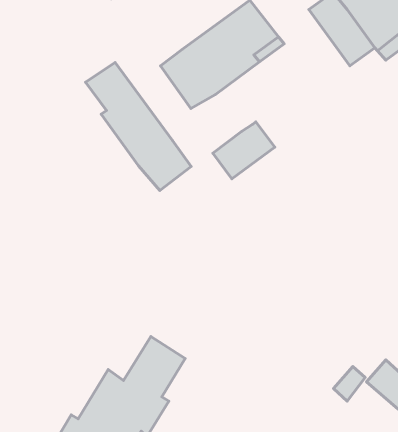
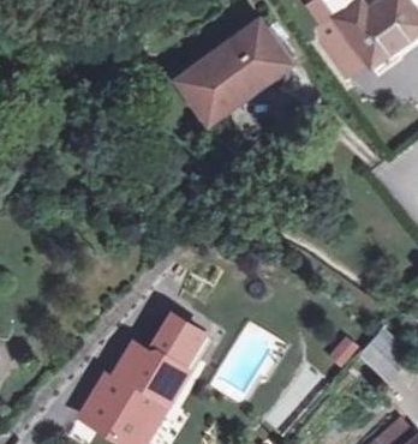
building: [86,62,191,191] -> none
building: [213,122,275,179] -> none

